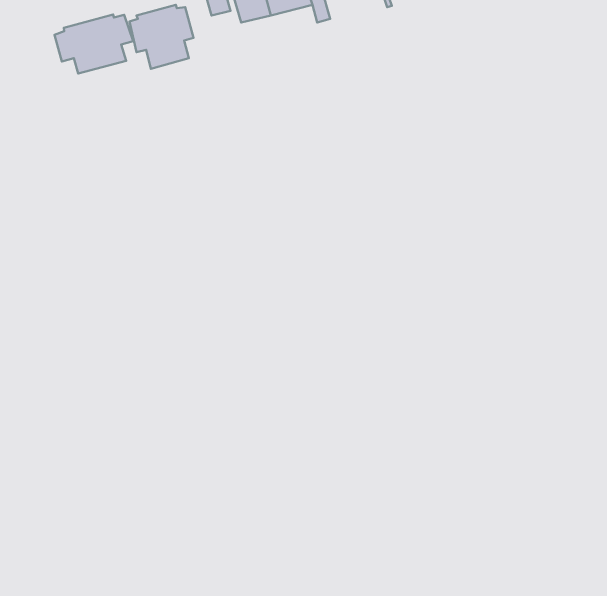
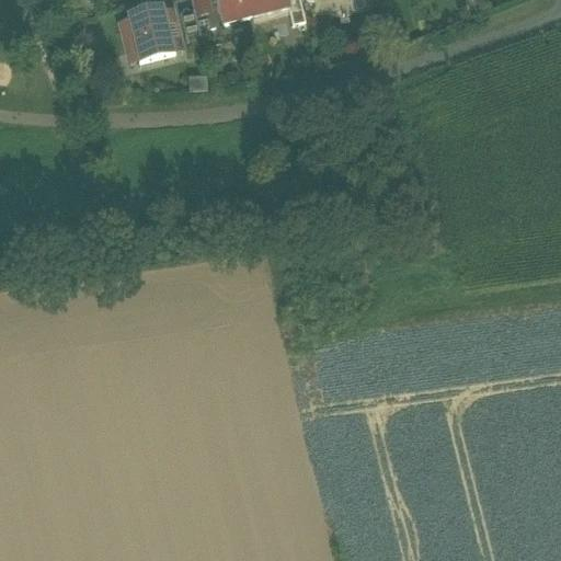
building: [54,14,133,74] -> none

